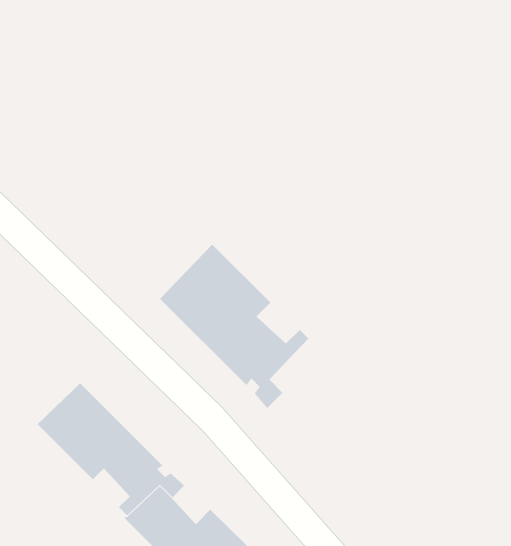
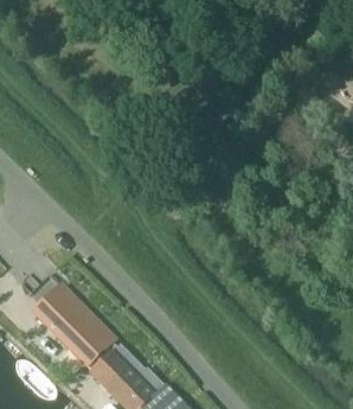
building: [159,244,309,409] -> none

